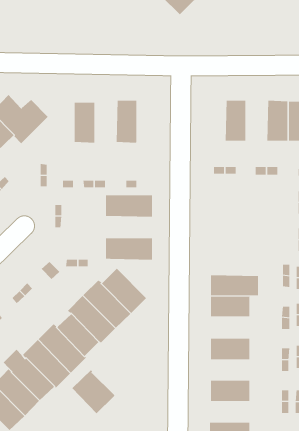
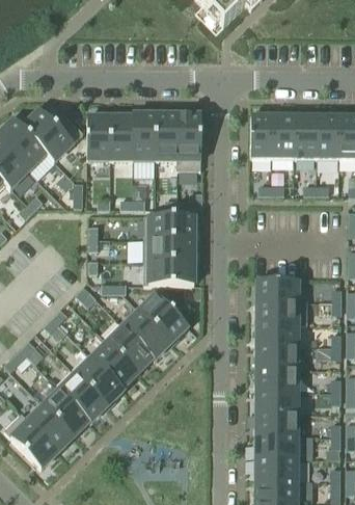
building: none -> [132,113,156,177]
building: none -> [176,114,201,169]
building: none -> [250,114,272,158]
building: none -> [294,114,317,158]
building: none -> [86,115,110,159]
building: none -> [143,238,194,261]
building: none -> [255,280,307,301]
building: none -> [255,345,298,368]
building: none -> [255,391,298,413]
building: [71,369,115,414] -> none
building: none -> [254,435,298,457]

